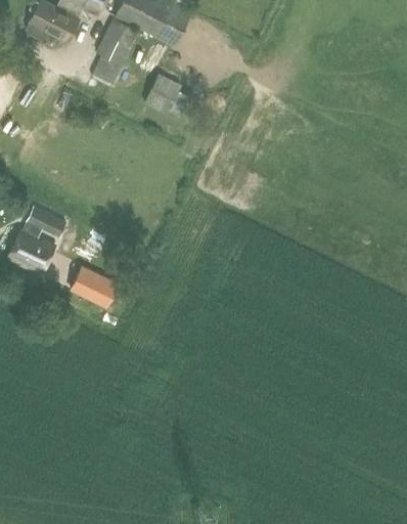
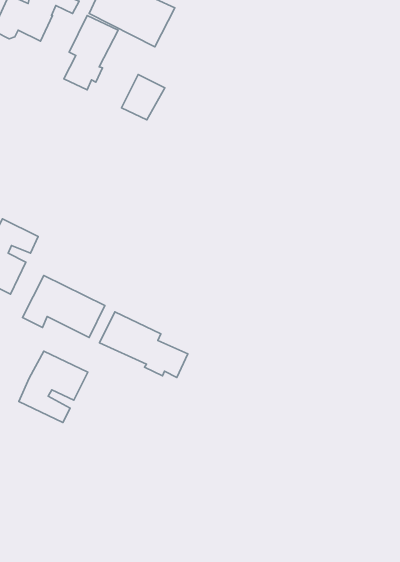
building: none -> [99,312,188,378]
building: none -> [19,351,88,423]

